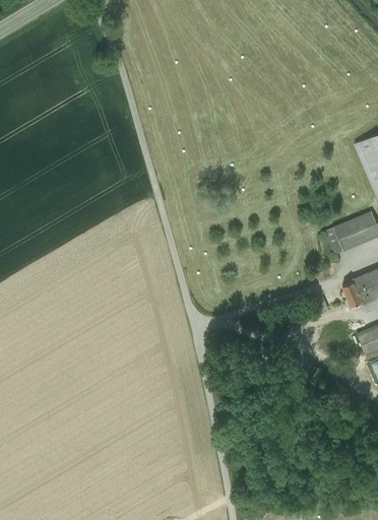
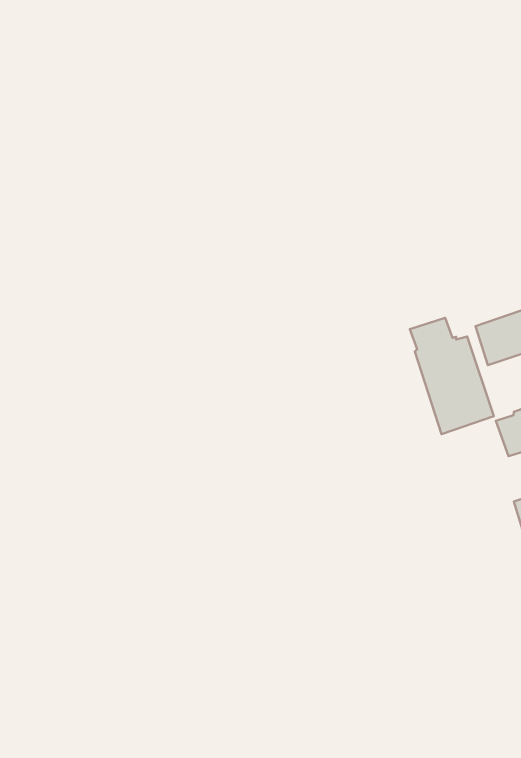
building: none -> [410,318,494,434]

